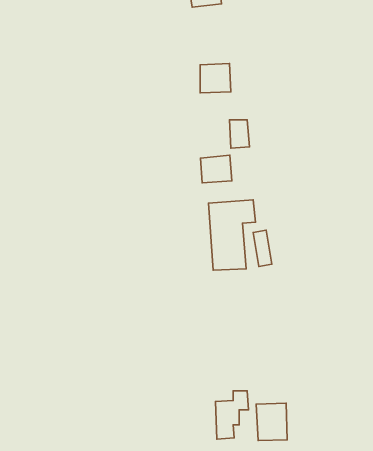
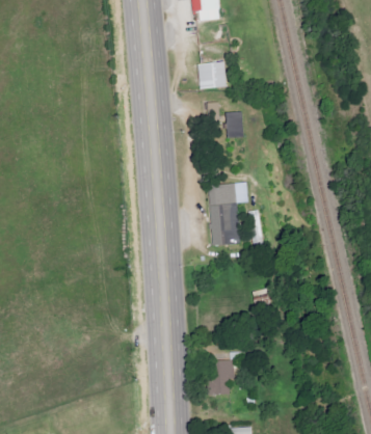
building: [200,155,232,183] -> none
building: [256,403,287,441] -> none

